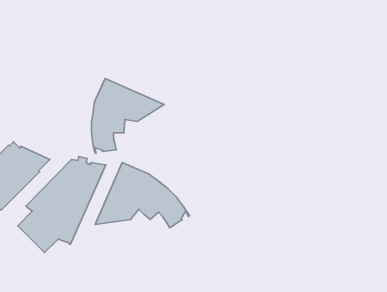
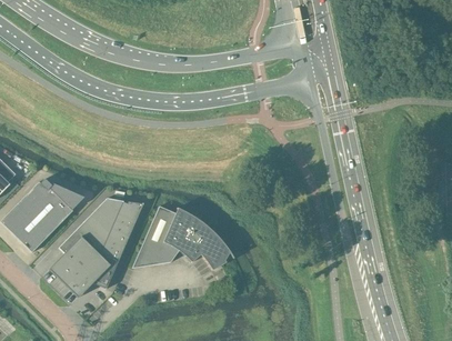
building: [91,78,164,153] -> none

